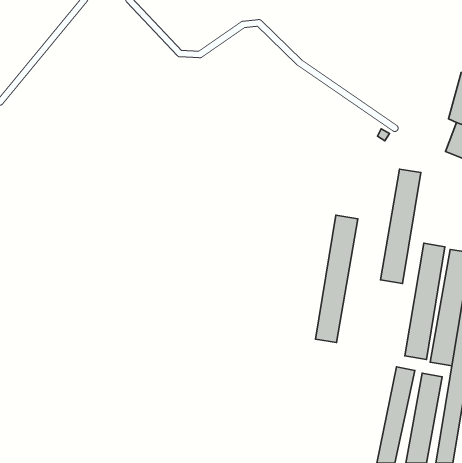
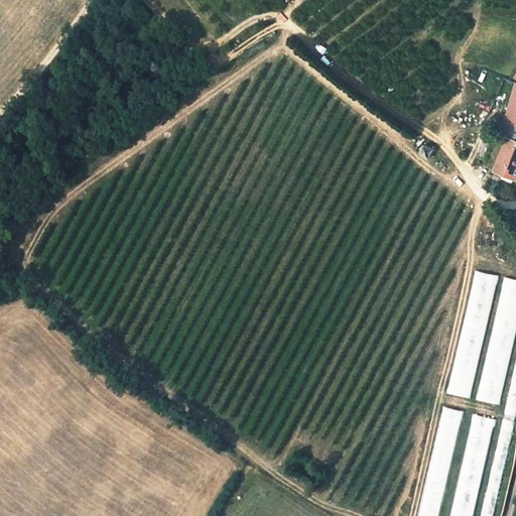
building: [380,169,421,283] -> none
building: [316,215,358,343] -> none

